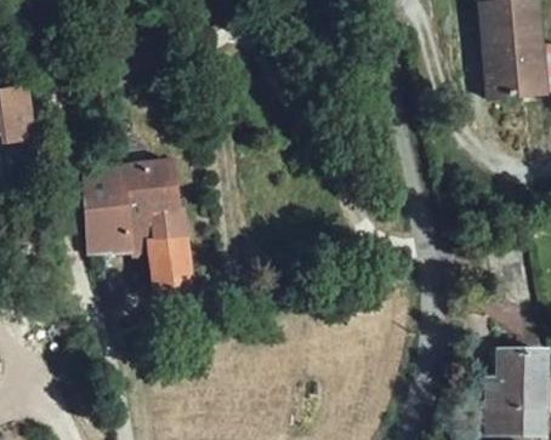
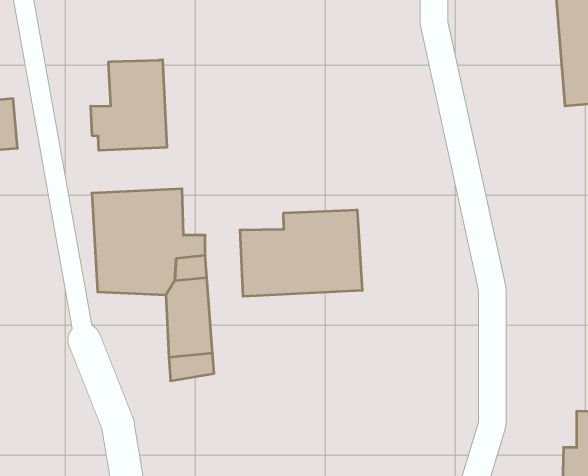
building: none -> [91,60,167,150]
building: none -> [240,210,362,296]

